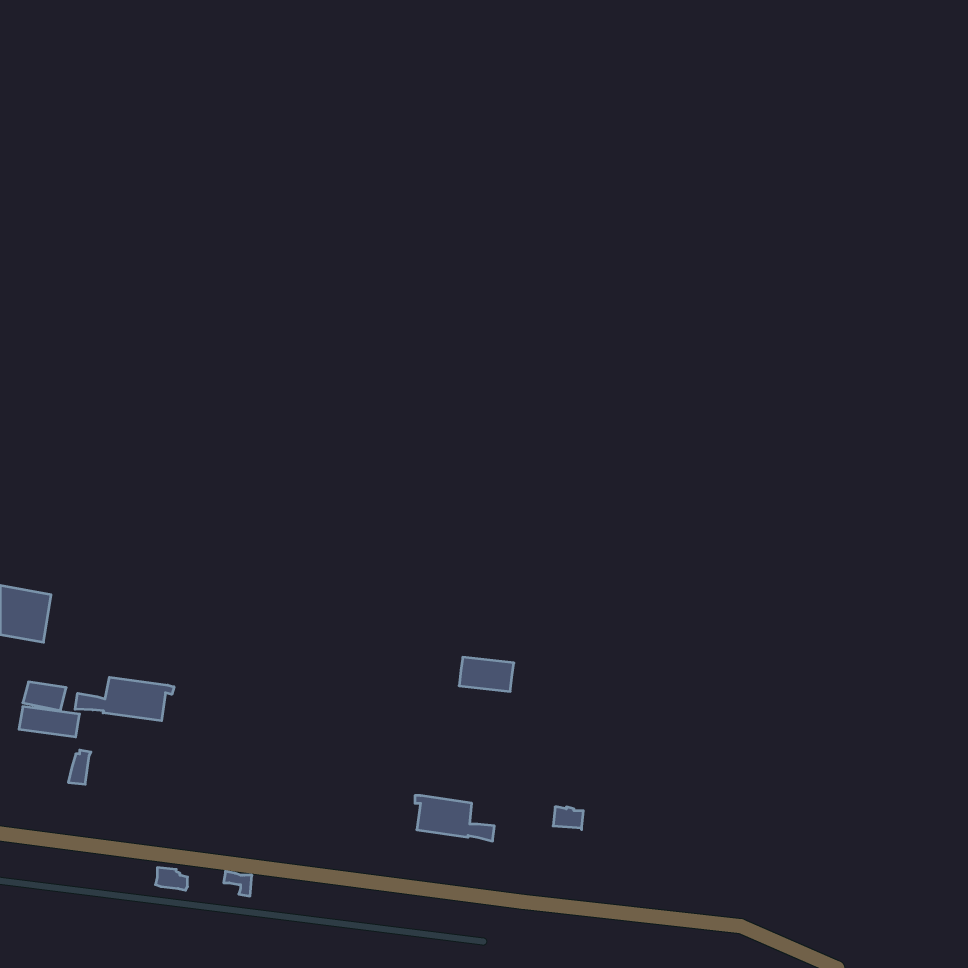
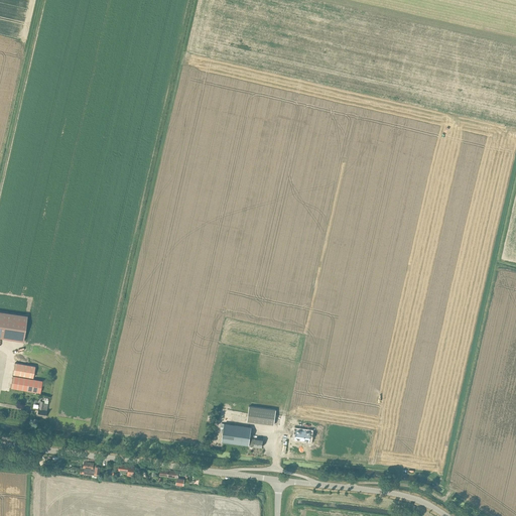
building: [459,657,514,691] -> [247,406,276,424]
building: [75,677,174,721] -> none

